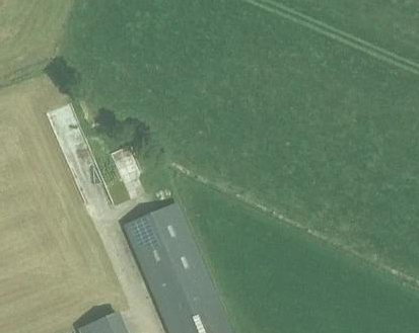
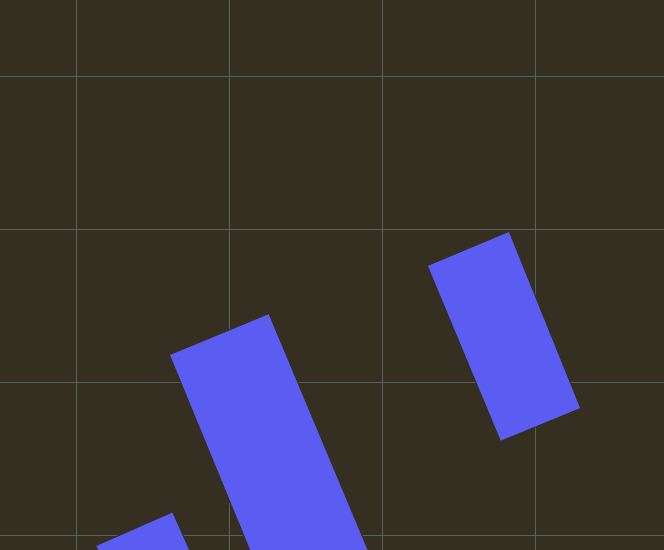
building: none -> [427,231,581,441]

